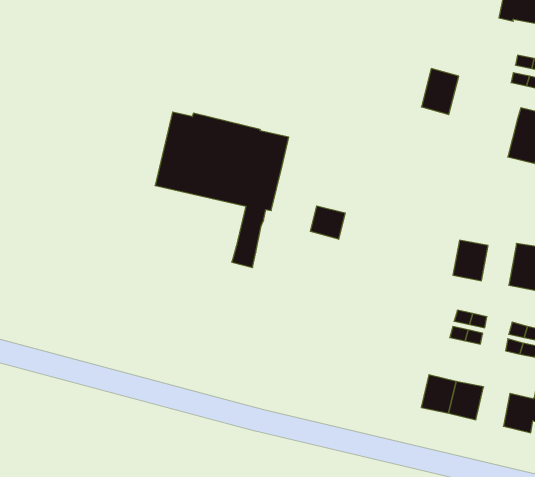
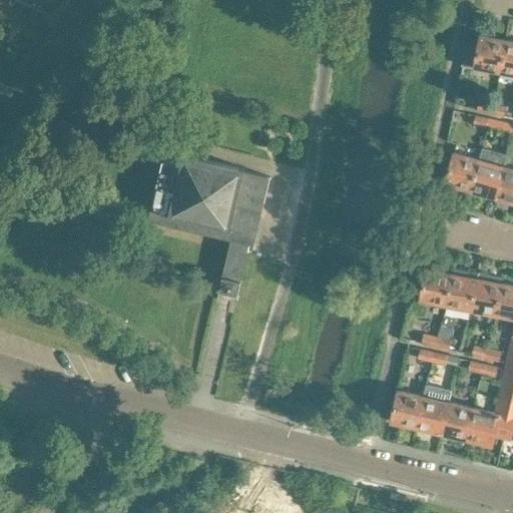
building: [421,69,459,115] -> [446,151,480,193]
building: [310,206,345,239] -> none
building: none -> [447,269,479,311]
building: none -> [442,404,473,440]

